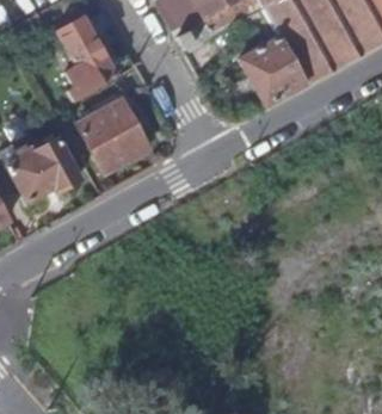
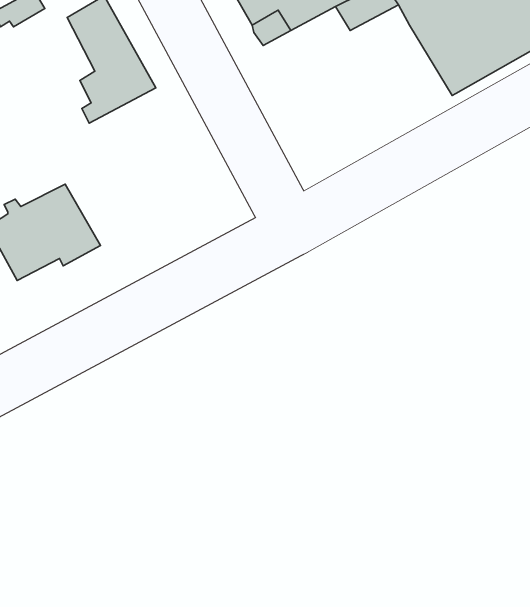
building: [239,36,307,105] -> none
building: [78,101,149,174] -> none

